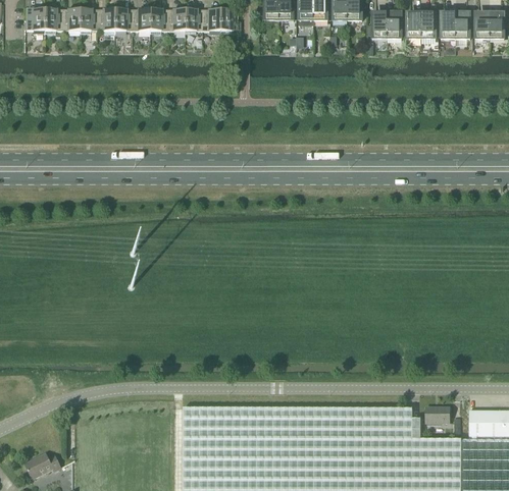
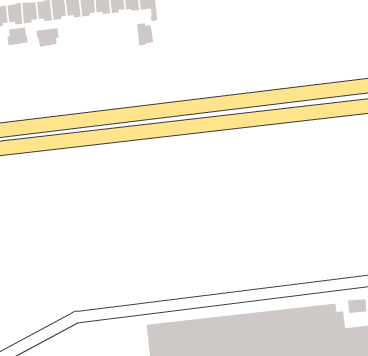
building: none -> [7,27,28,46]
building: none -> [36,28,59,47]
building: none -> [136,22,154,46]

